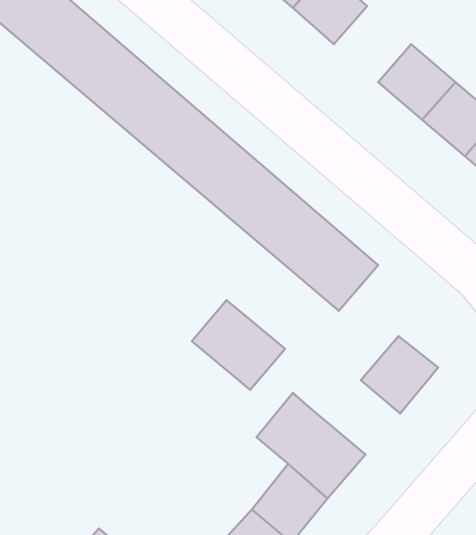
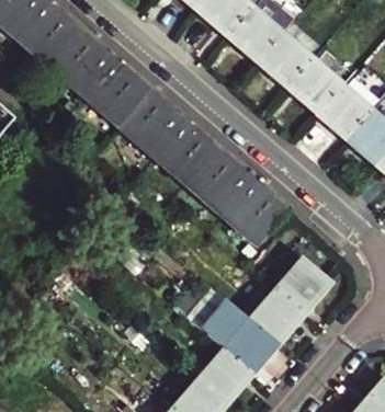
building: none -> [257,32,310,84]
building: [192,300,285,390] -> [238,281,303,343]

